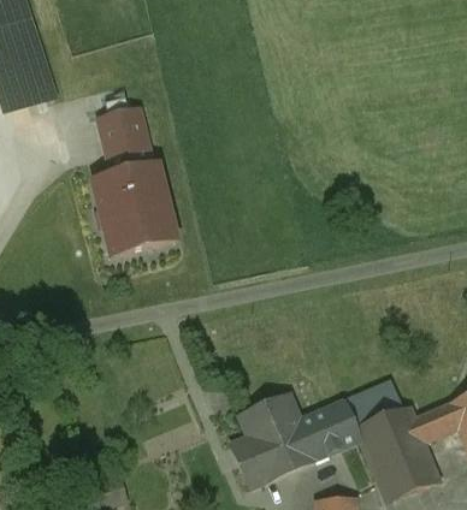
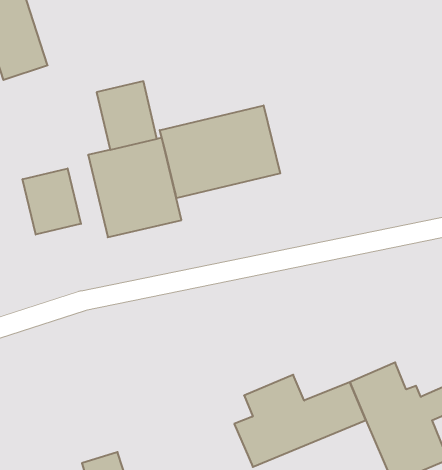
building: none -> [160,105,280,198]
building: none -> [23,168,81,235]

